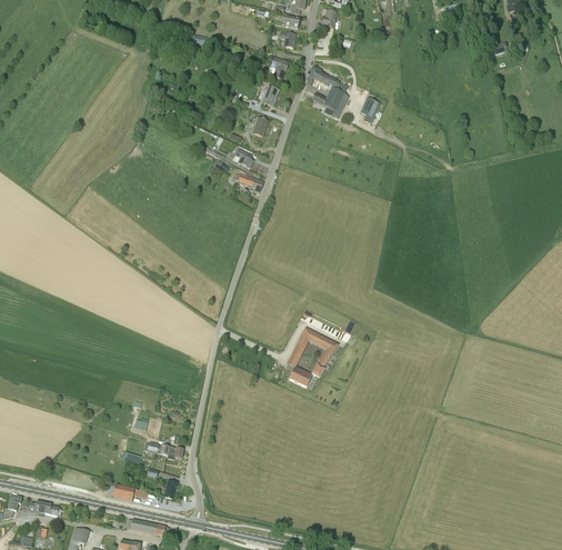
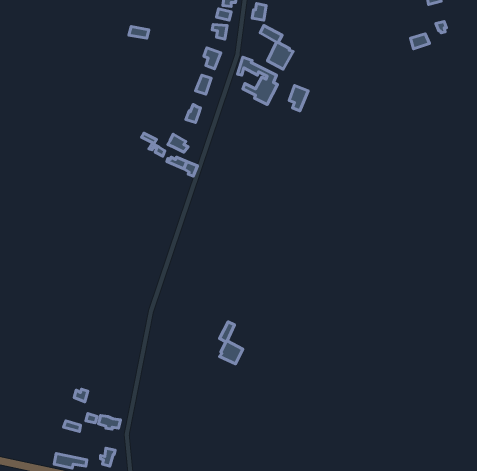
building: none -> [260,26,293,69]
building: [297,328,338,378] -> none

